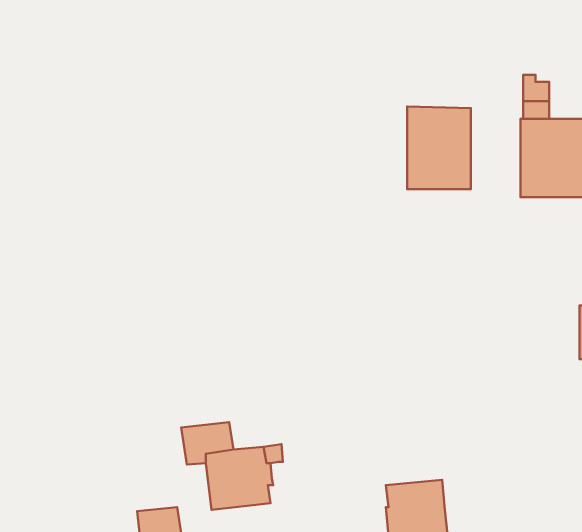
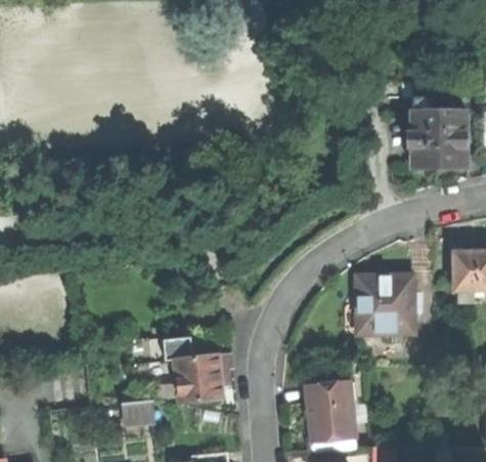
building: [407,107,471,189] -> none
building: none -> [354,274,413,333]

